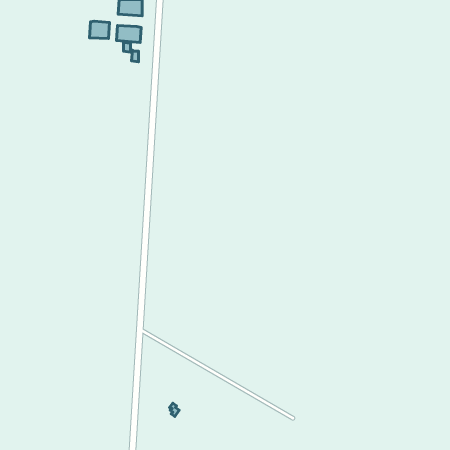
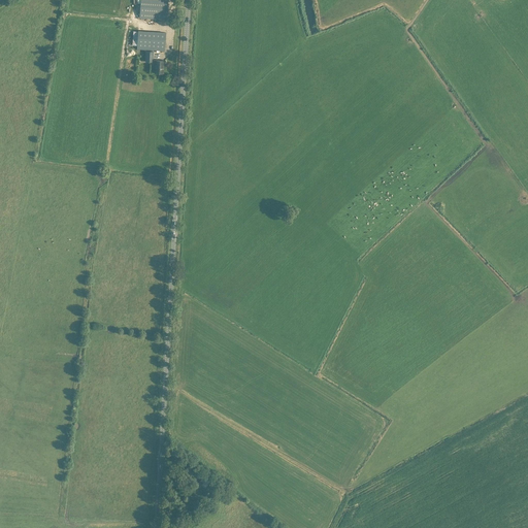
building: [90,21,109,39] -> none

